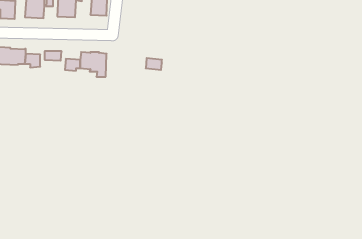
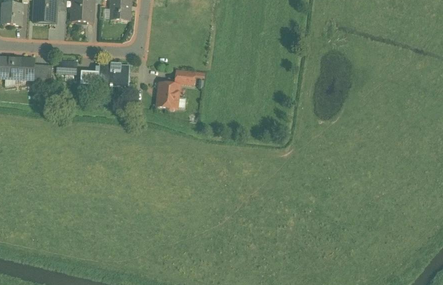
building: none -> [156,83,179,109]

